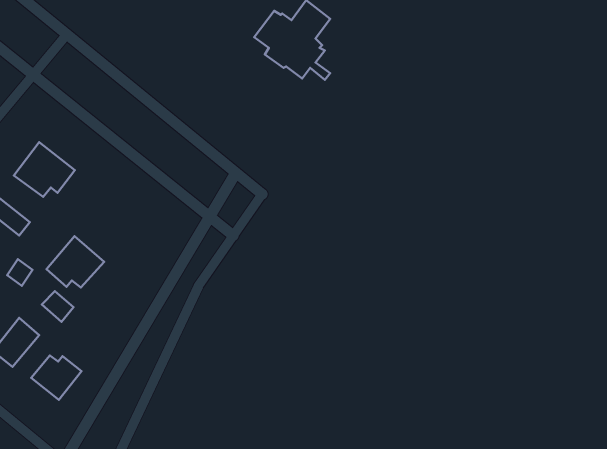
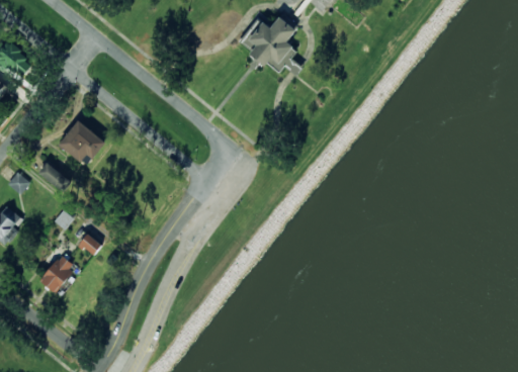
building: [46,236,104,288] -> none
building: [31,355,81,400] -> none

